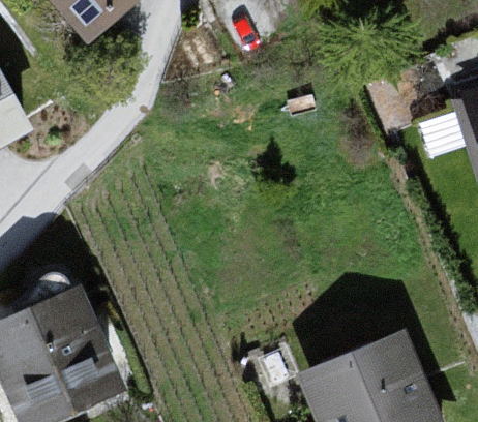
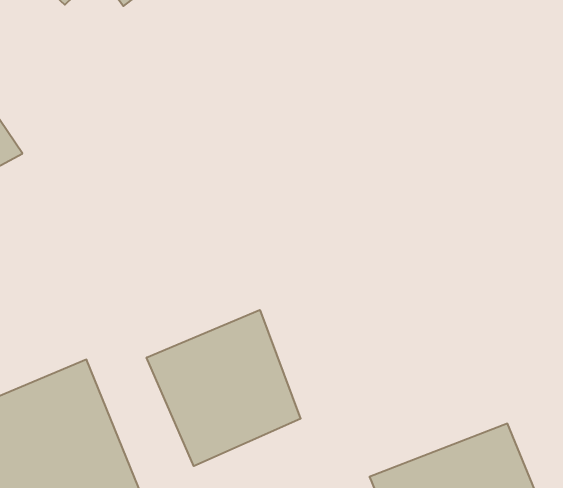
building: none -> [147,310,301,466]

